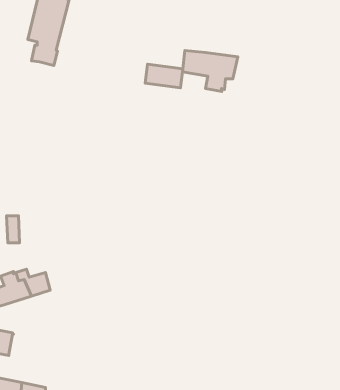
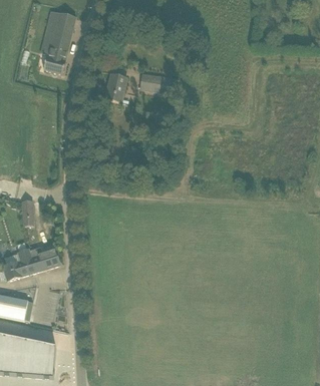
building: [183,50,238,92] -> none
building: none -> [104,72,126,100]

